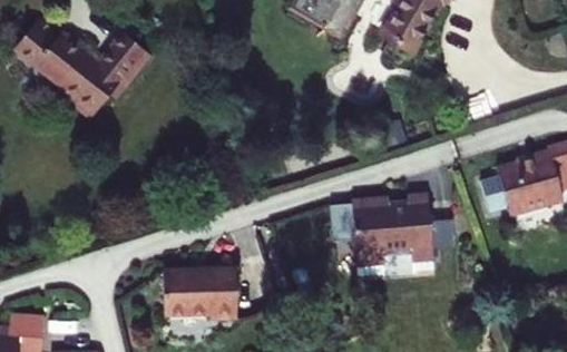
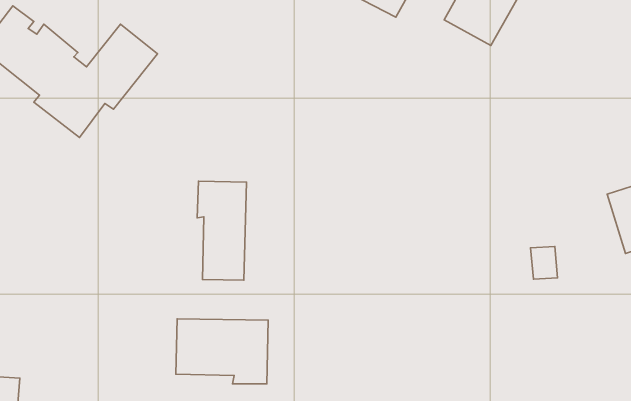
building: none -> [197,181,247,280]
building: [353,198,437,275] -> none

